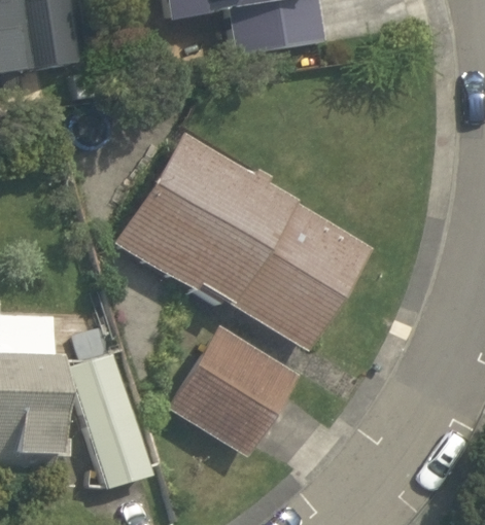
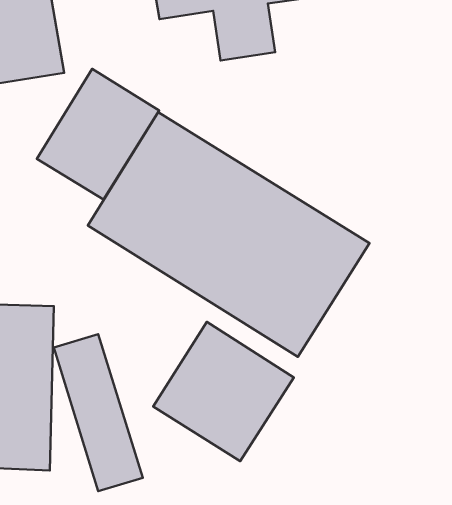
building: none -> [37,69,159,200]

